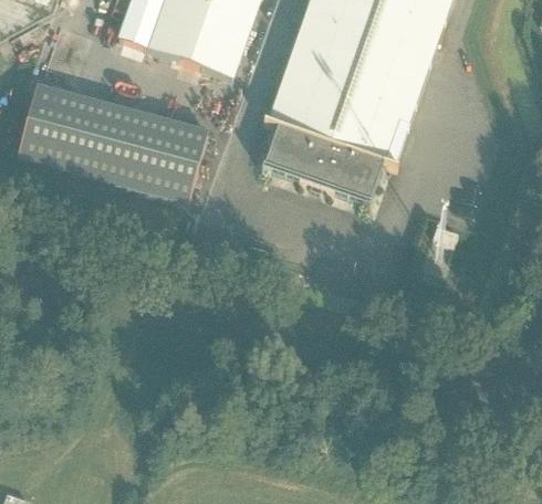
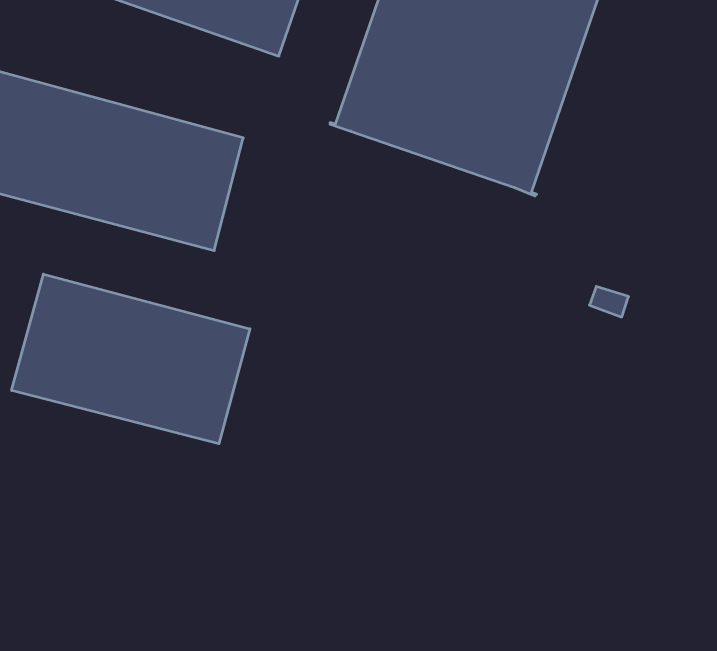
building: [263,124,385,204] -> none
building: none -> [12,274,250,444]

